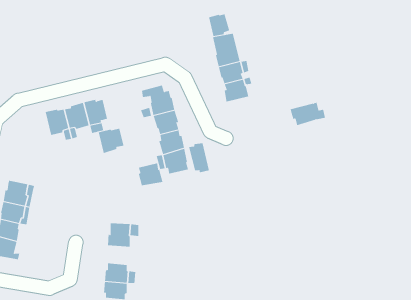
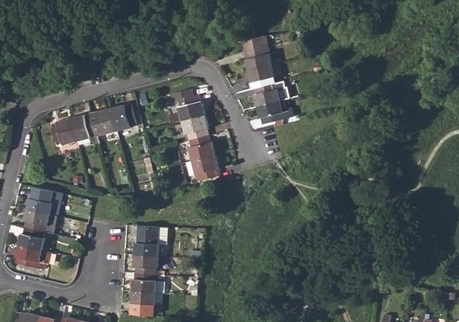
building: [208,14,230,37] -> none
building: [290,102,326,126] -> [256,100,293,124]
building: none -> [50,117,76,145]
building: [98,128,124,154] -> none
building: [189,142,209,173] -> none
building: [138,163,163,186] -> none
building: none -> [133,254,158,274]

